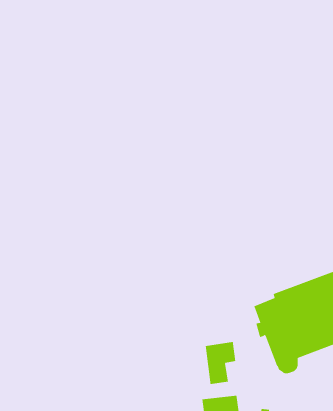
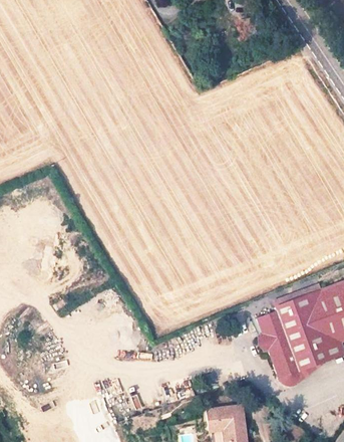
building: [205,341,236,385] -> none

